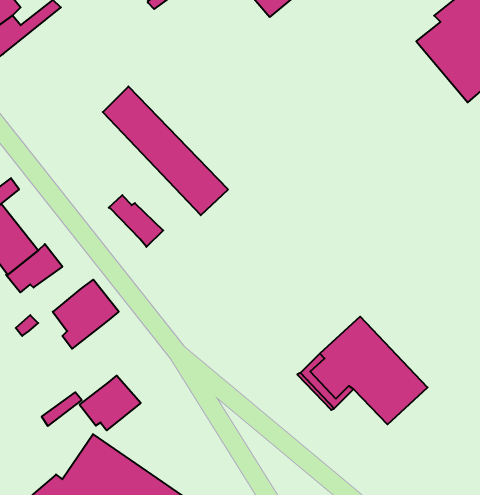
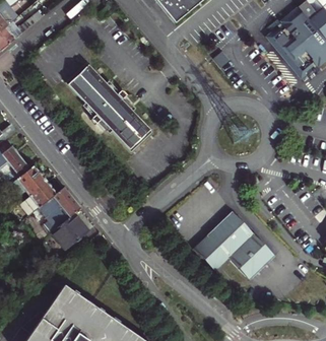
building: [109,195,163,247] -> none
building: none -> [24,179,55,207]
building: [80,376,141,430] -> [50,212,88,247]

